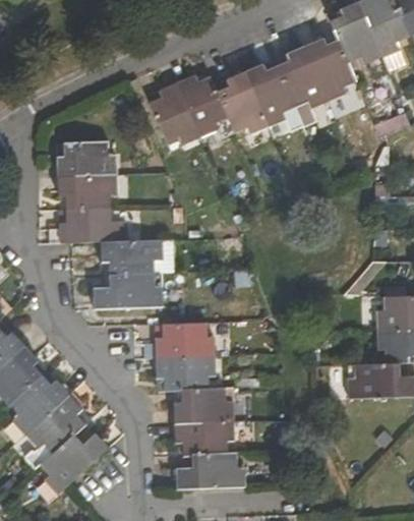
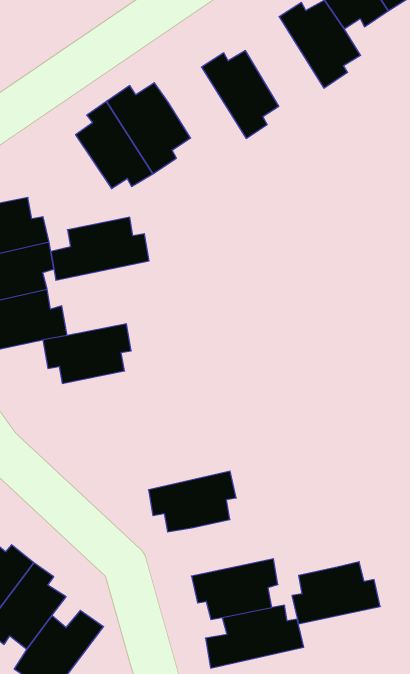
building: [277,46,327,108] -> none
building: [217,71,267,133] -> none
building: [95,273,162,307] -> [51,217,149,280]
building: [156,323,215,358] -> none
building: [174,388,234,423] -> [292,562,380,624]

